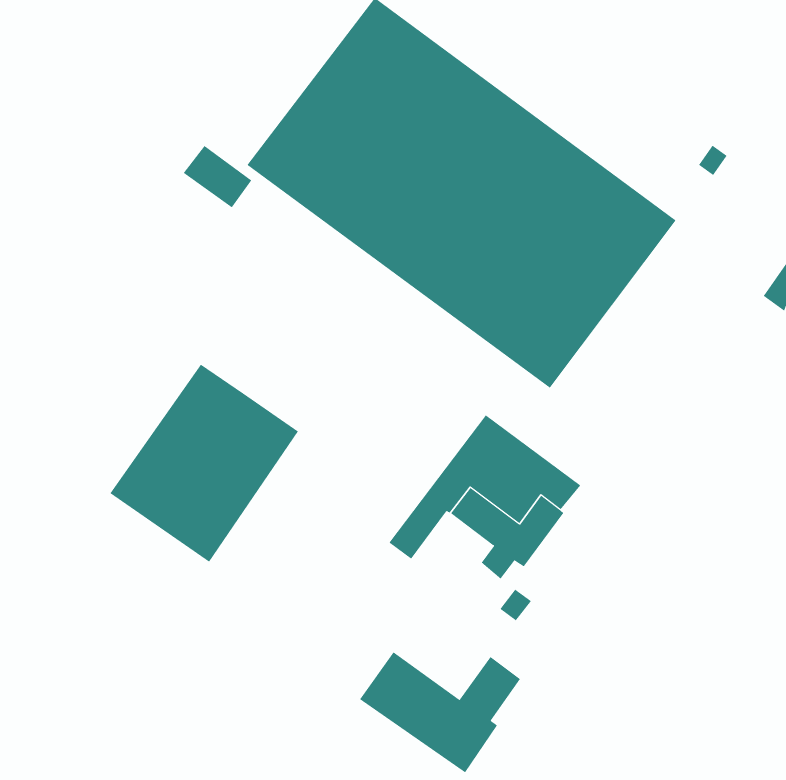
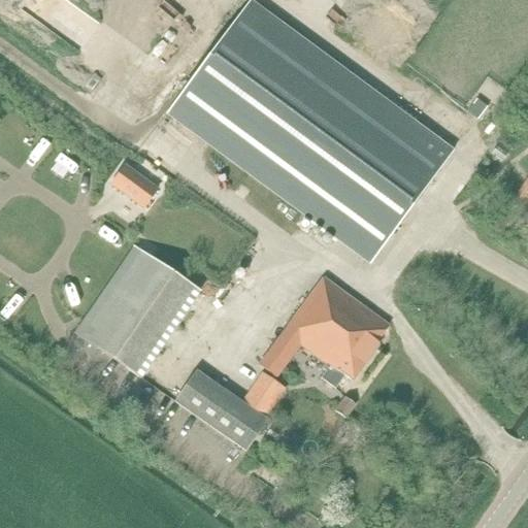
building: [183,145,252,208] -> [111,163,158,205]
building: [359,651,521,773] -> [175,367,284,449]

